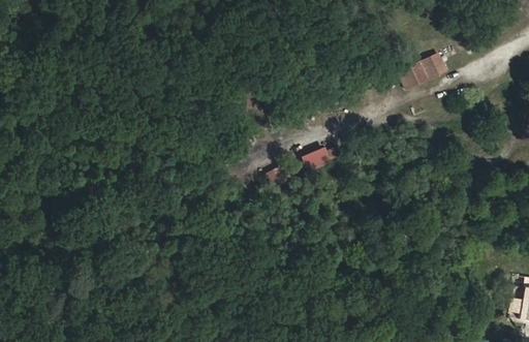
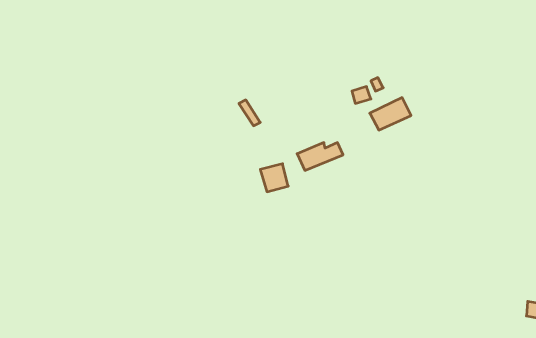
building: [408,55,446,85] -> [370,98,411,130]

